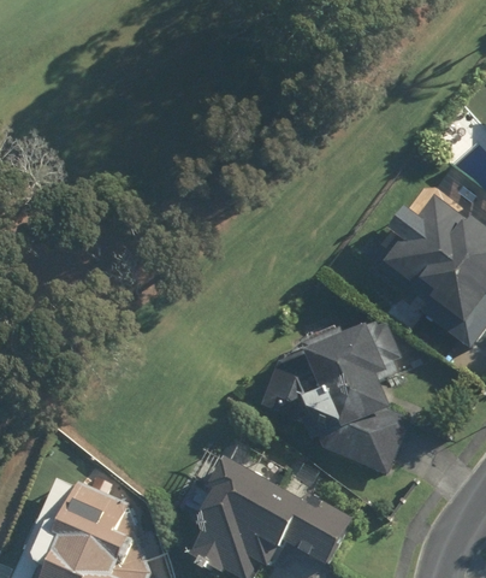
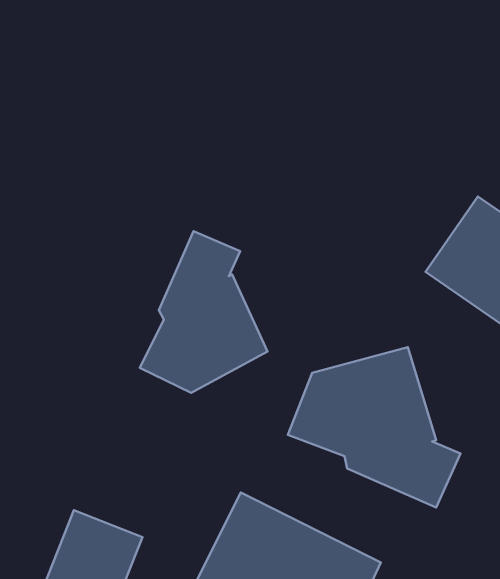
building: none -> [140,231,268,393]

